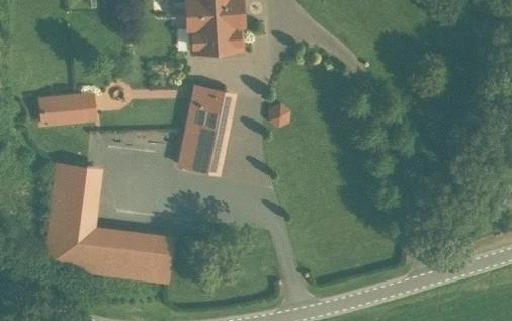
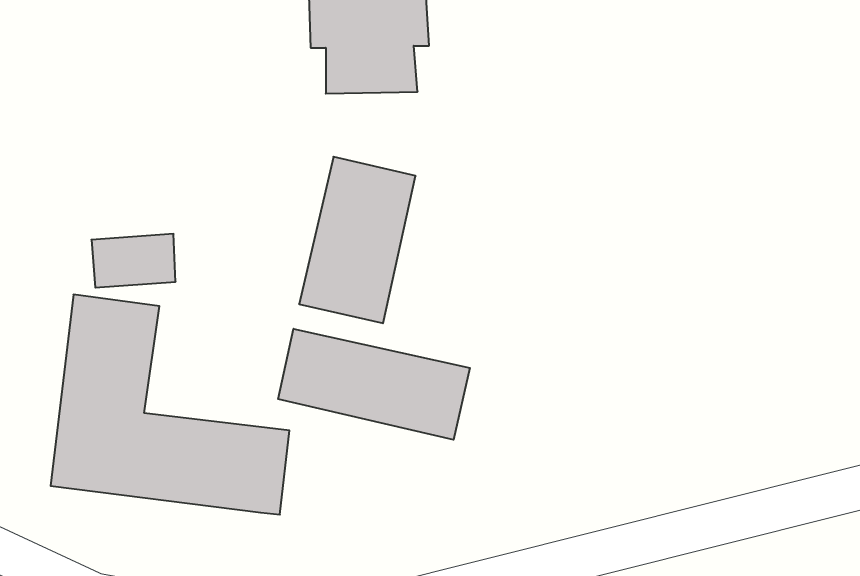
building: [37,95,82,124] -> [91,234,176,288]
building: none -> [278,329,470,440]

